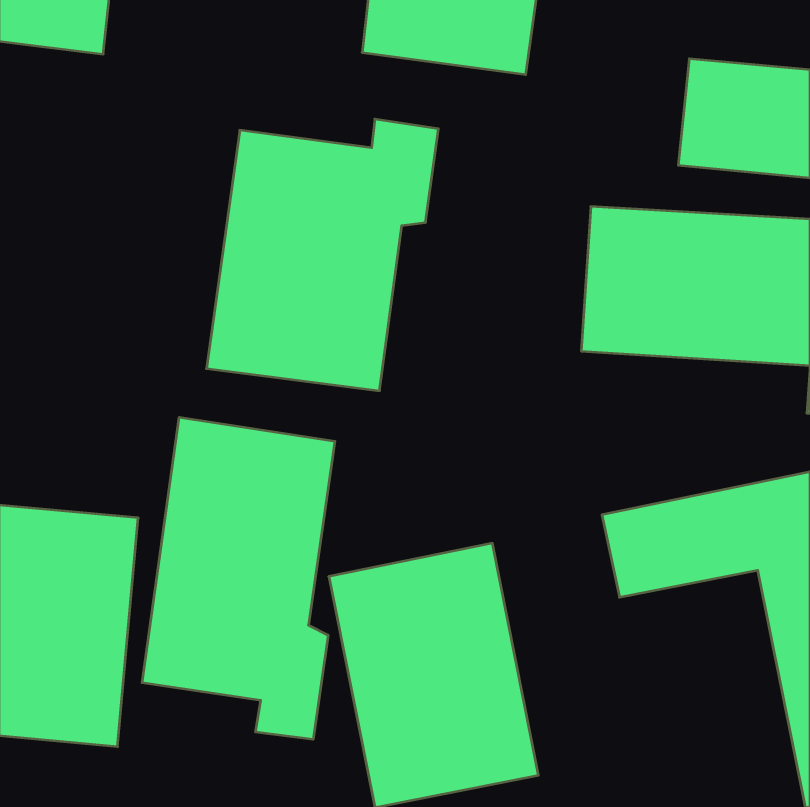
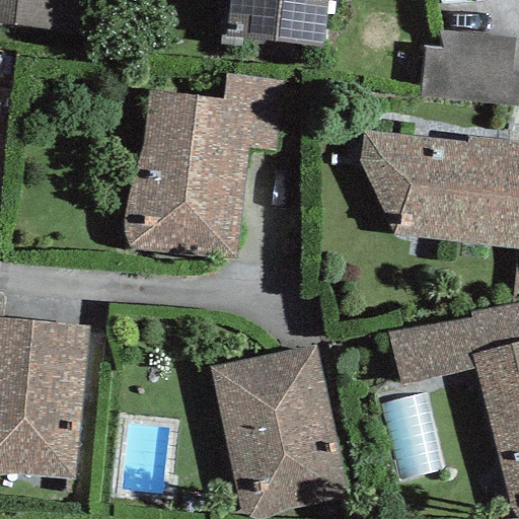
building: [142,417,335,739] -> none

